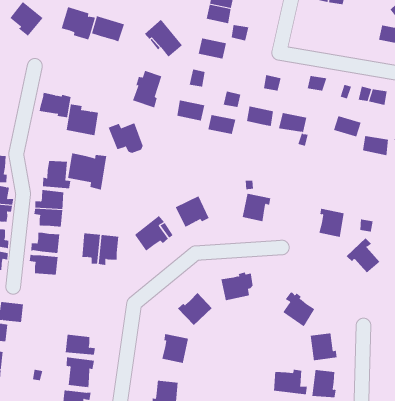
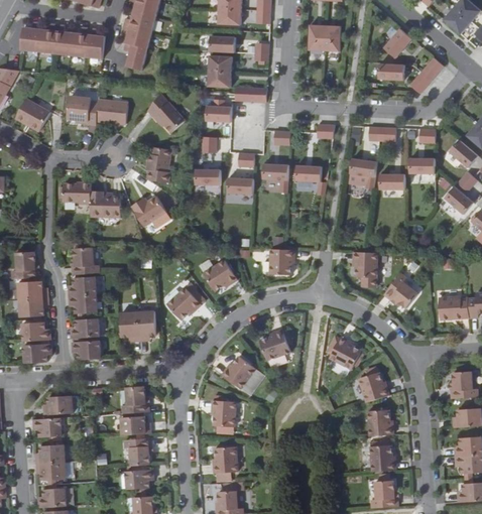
building: [67,152,107,190] -> none
building: none -> [123,382,152,410]
building: [274,369,307,395] -> none

